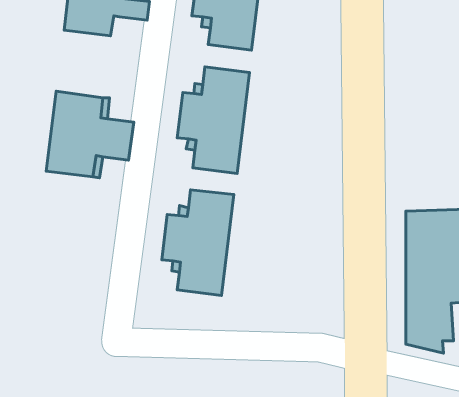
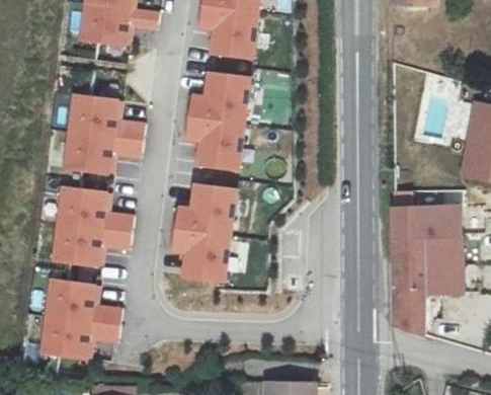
building: none -> [54,188,133,265]
building: none -> [42,281,120,359]

